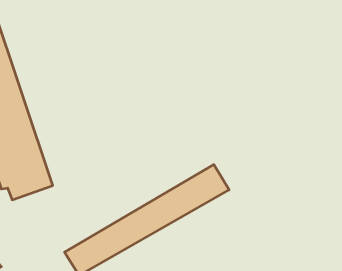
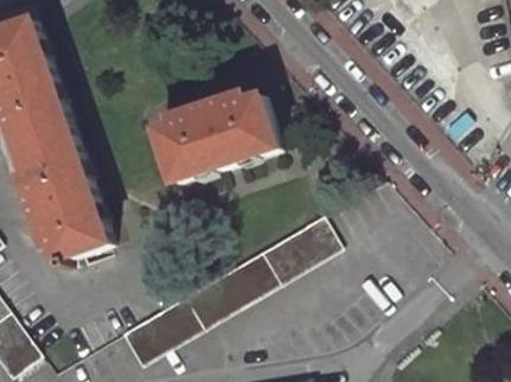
building: none -> [153,96,277,186]

